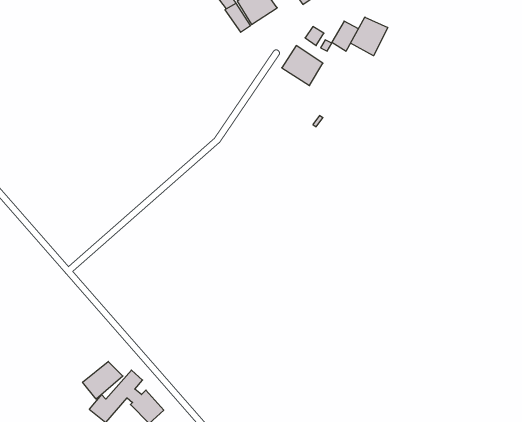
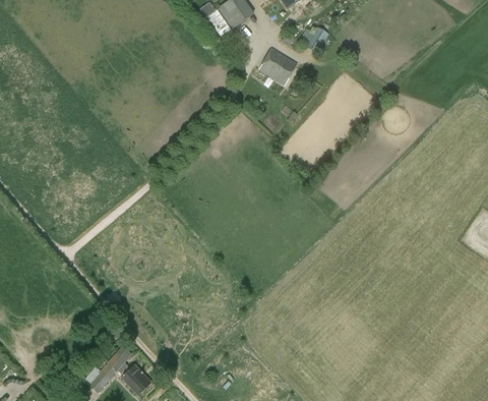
building: [351,17,388,56] -> none
building: [83,361,123,399] -> none

